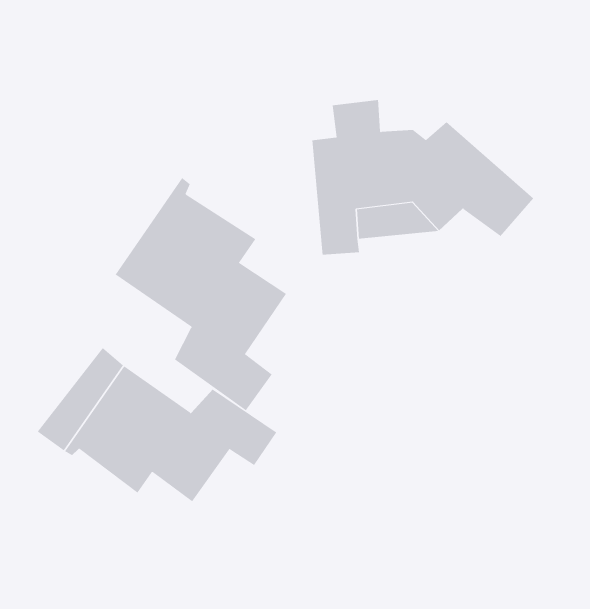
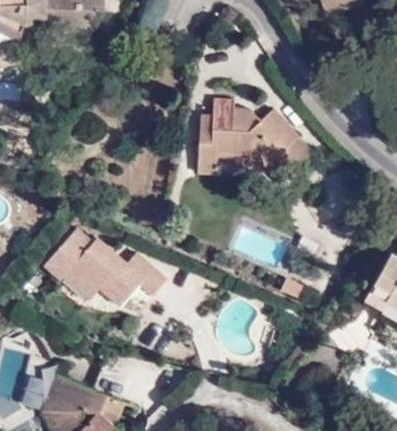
building: [115,177,287,411] -> none

